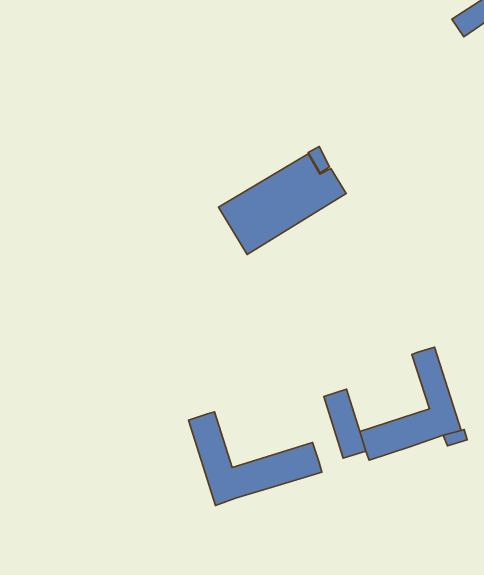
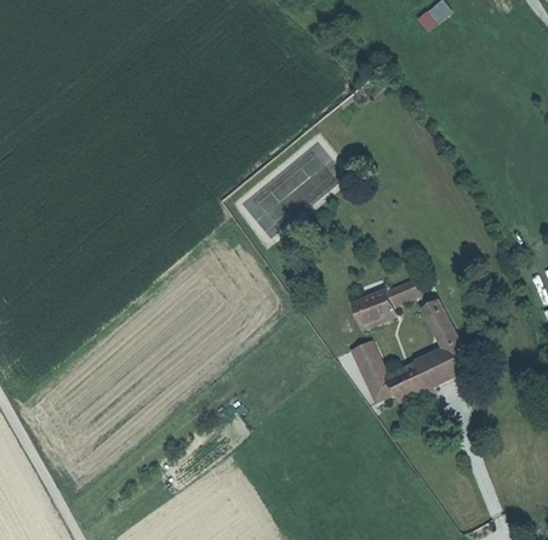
building: none -> [350,282,424,325]
building: [189,412,322,505] -> none

